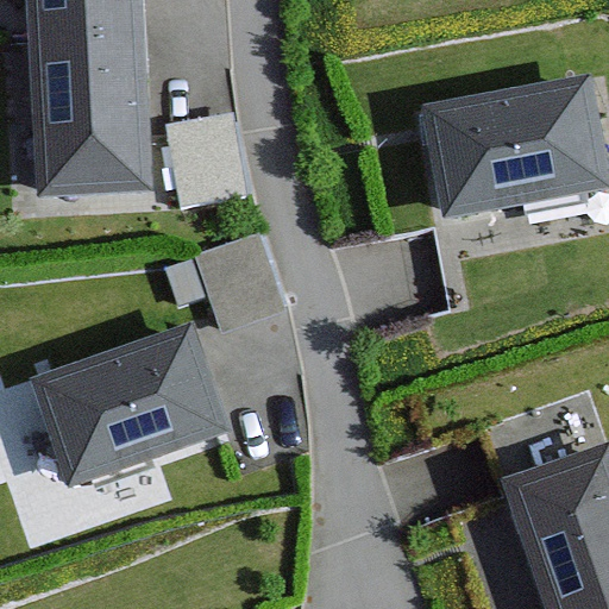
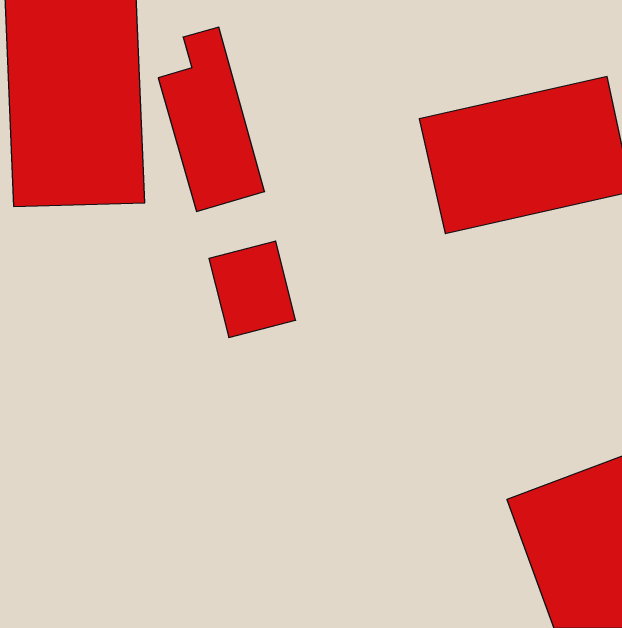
building: [25,327,232,490] -> none

